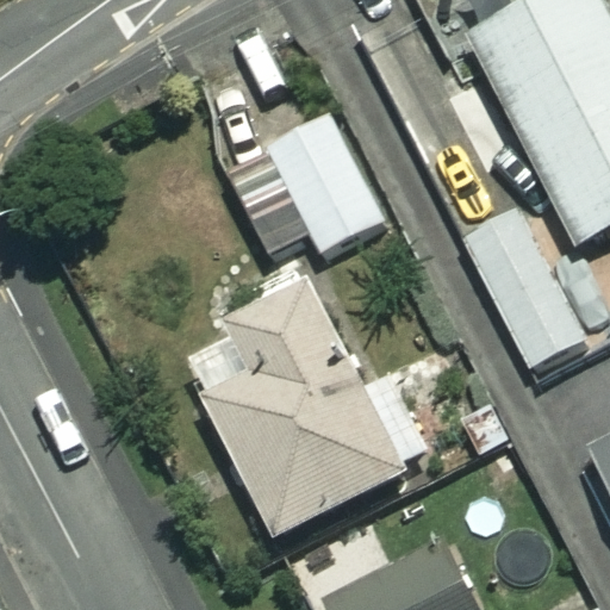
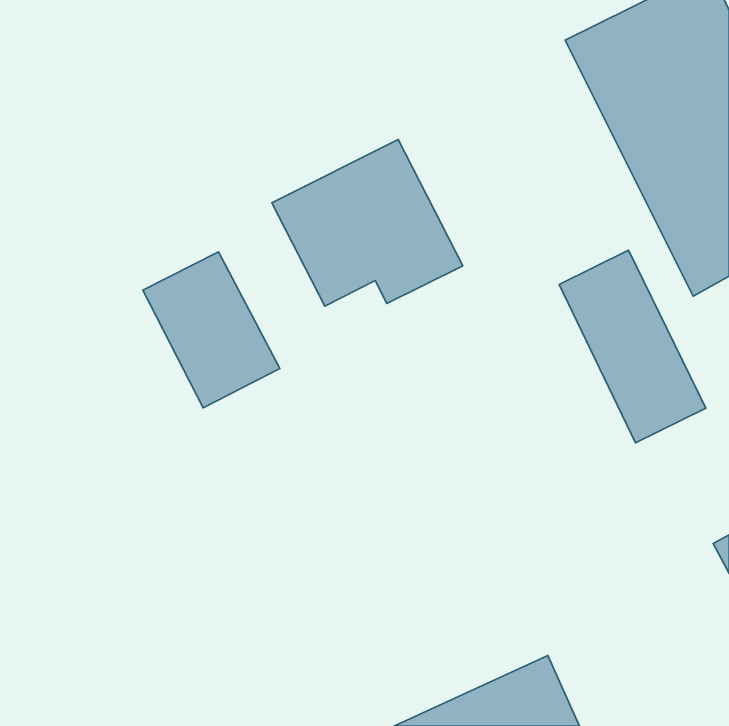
building: none -> [143,252,280,408]
building: [205,286,403,537] -> none

